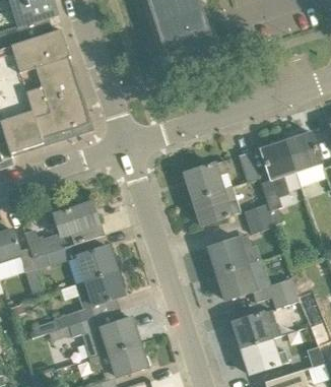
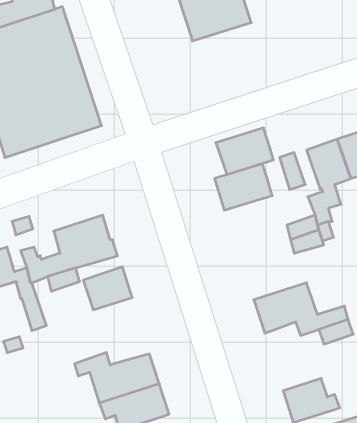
building: [192,186,240,224] -> [216,128,273,175]
building: [208,234,260,272] -> none
building: [53,270,124,328] -> none
building: [233,309,275,347] -> none

